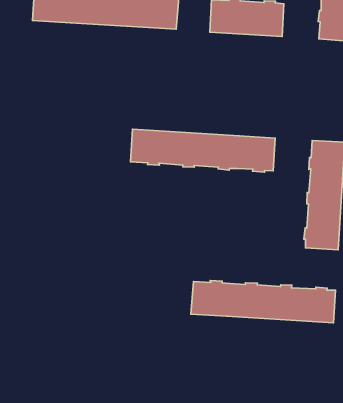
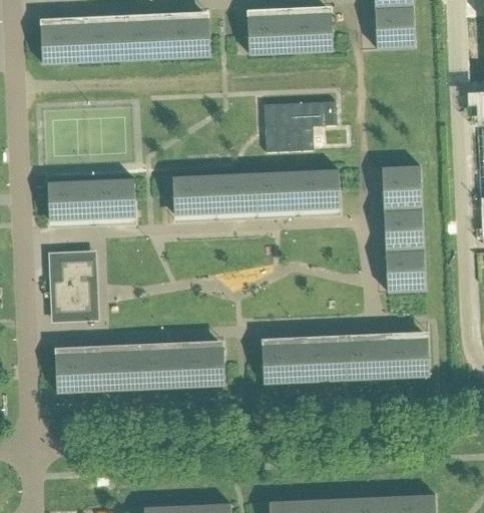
building: none -> [265,100,339,152]
building: none -> [48,177,136,220]
building: none -> [52,258,95,315]
building: none -> [55,345,225,392]

